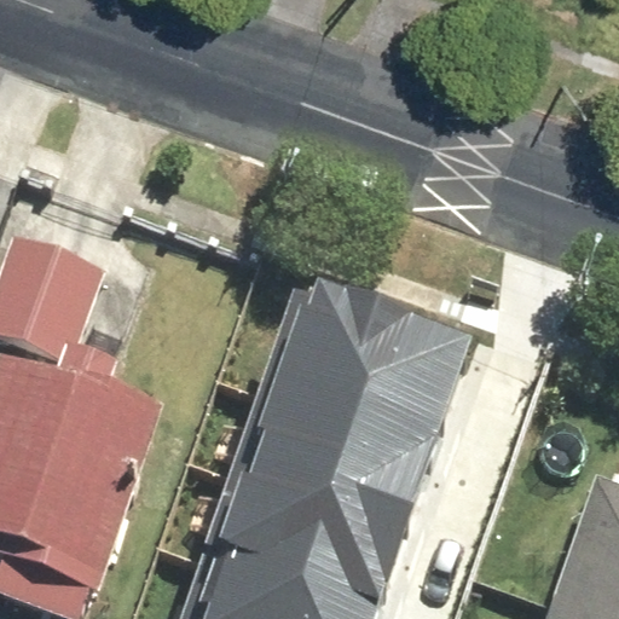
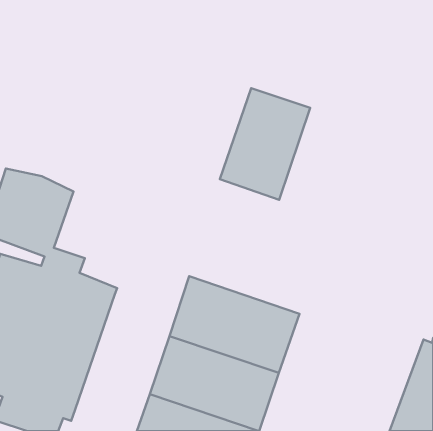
building: none -> [220,88,310,200]
building: [267,284,459,444] -> none

